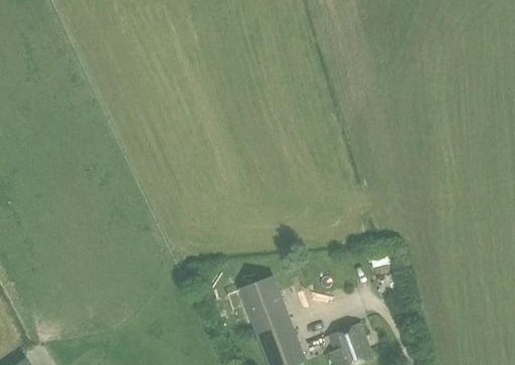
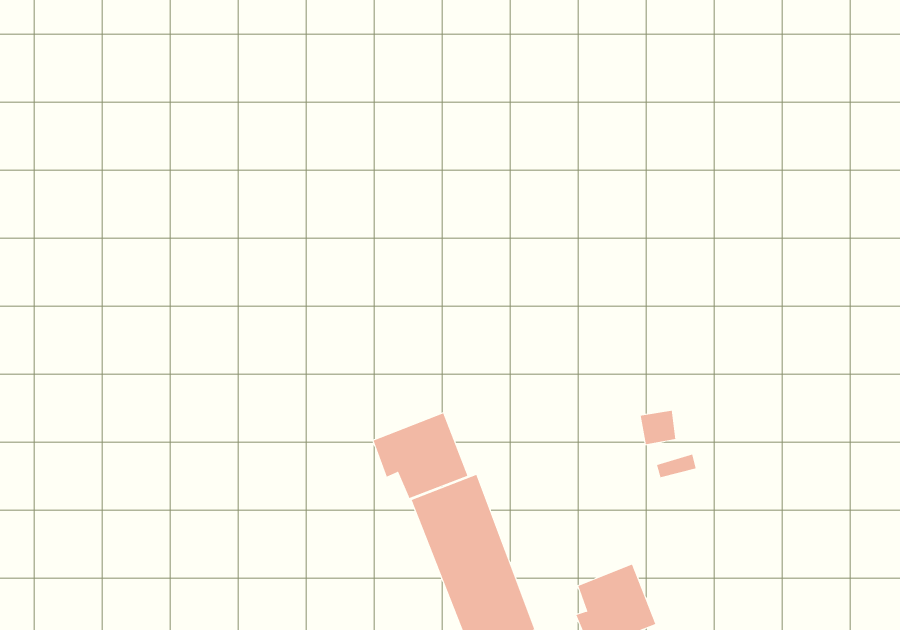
building: none -> [373,412,468,499]

